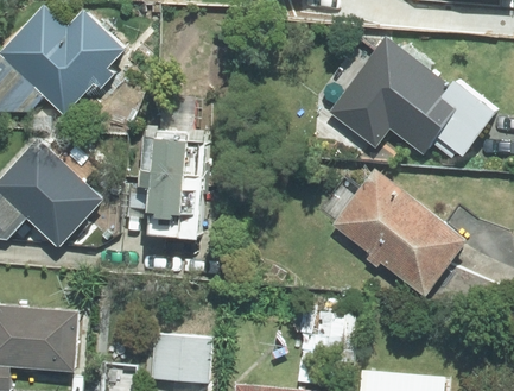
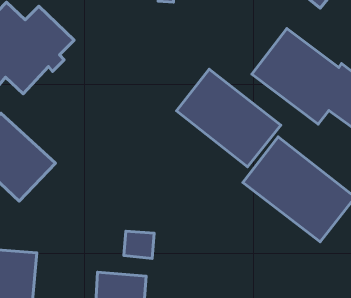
building: none -> [177,69,281,167]
building: [139,139,185,220] -> none

